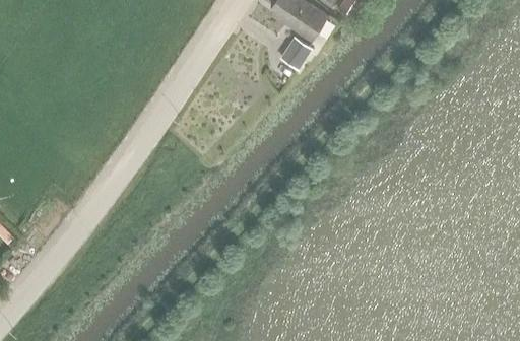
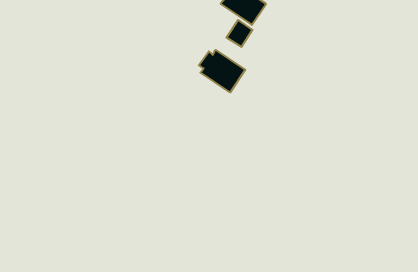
building: none -> [199,50,245,92]

